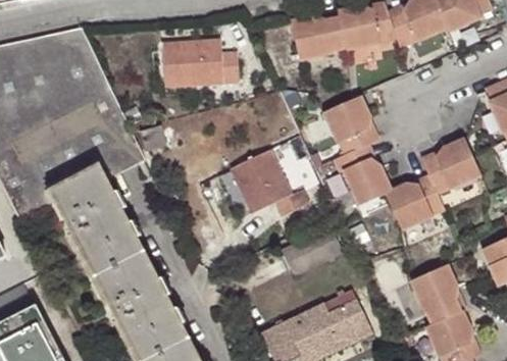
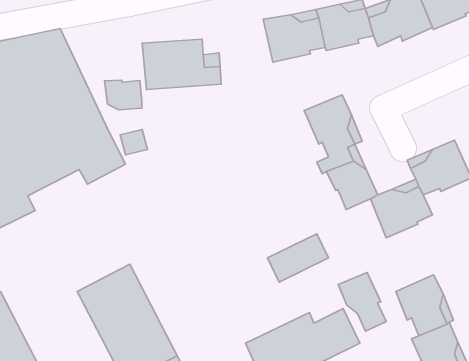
building: none -> [104,80,142,110]
building: [231,150,311,216] -> none
building: [51,165,150,283] -> none
building: none -> [338,272,386,331]

